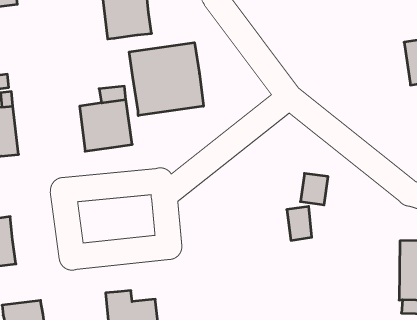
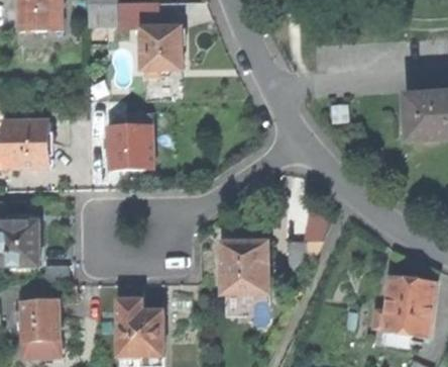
building: [129,43,203,116] -> none
building: none -> [222,239,269,291]

